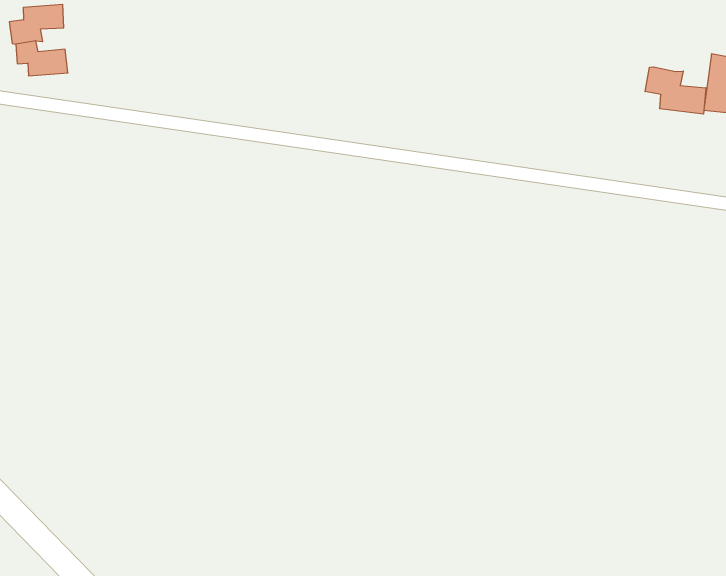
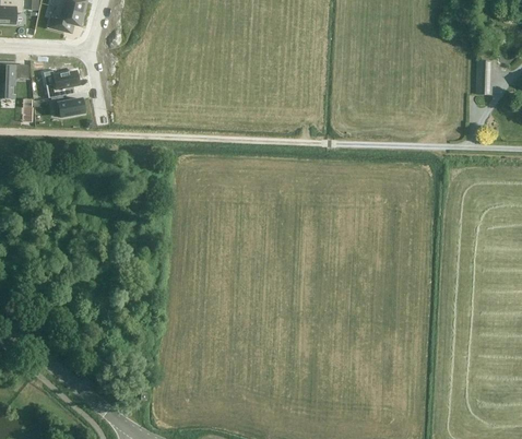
building: [645,67,706,114] -> none

